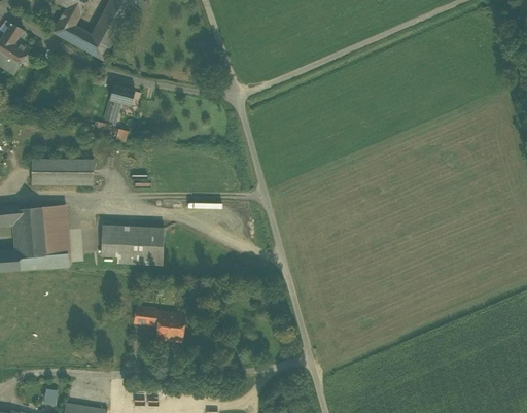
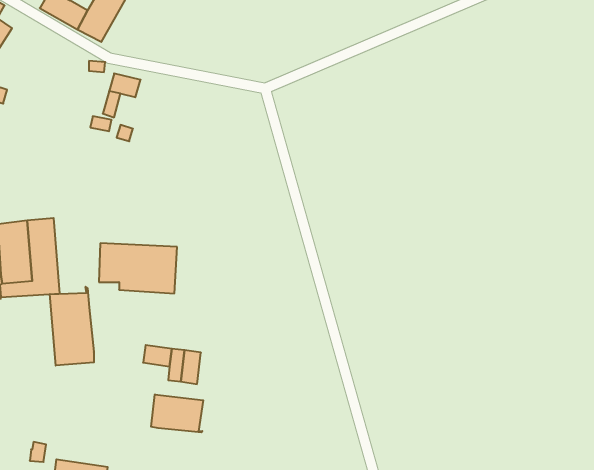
building: [31,159,93,184] -> none
building: none -> [50,287,94,366]
building: none -> [151,394,203,432]

